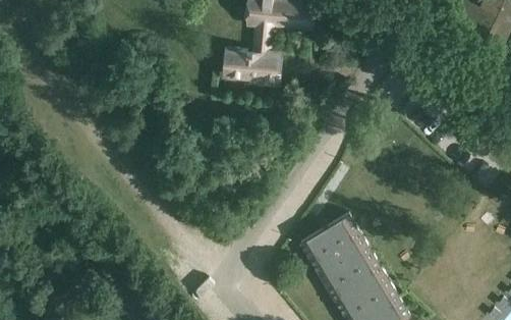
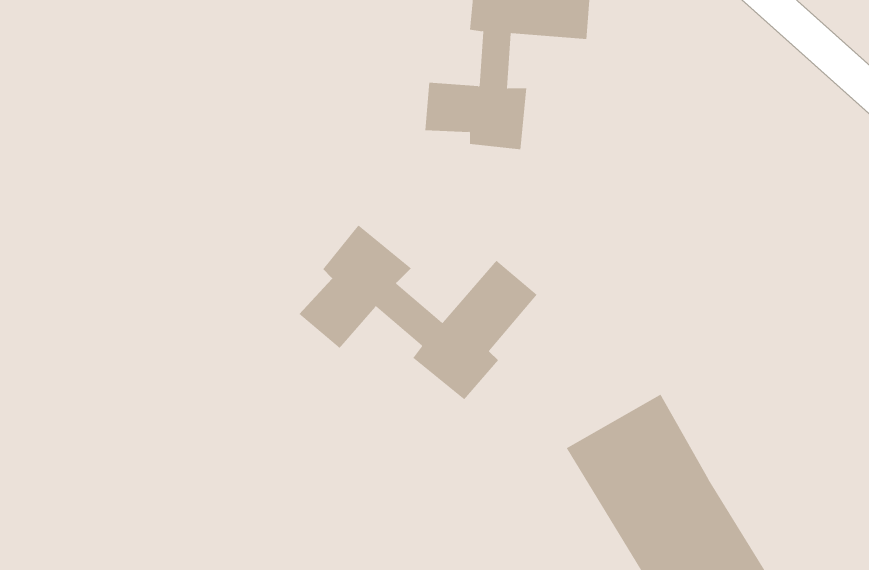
building: none -> [299,225,538,400]

